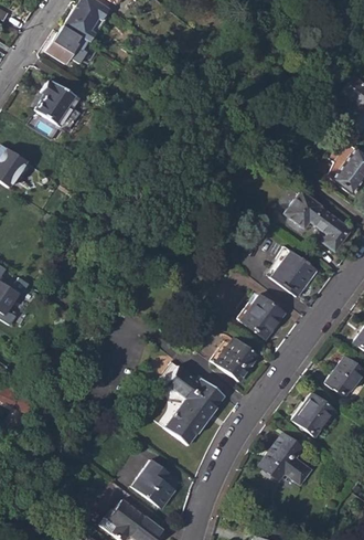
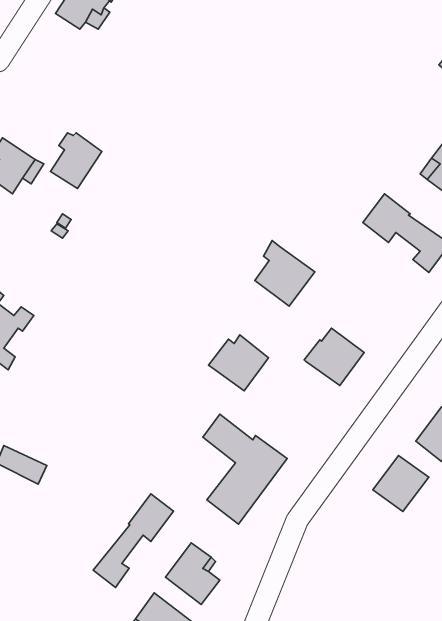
building: [34,82,74,125] -> [50,133,102,189]
building: [270,246,317,297] -> [255,240,315,306]
building: [211,338,257,381] -> [208,335,269,391]
building: none -> [93,494,173,587]
building: [259,435,310,485] -> none

